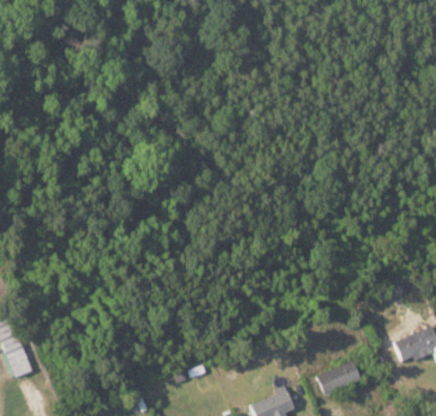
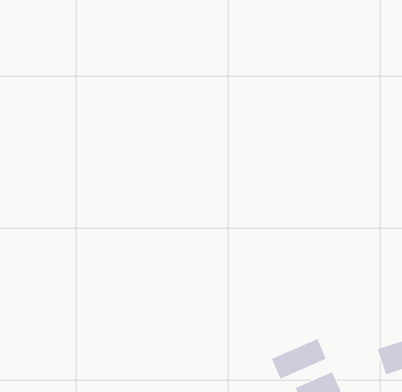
building: none -> [271,338,327,379]

